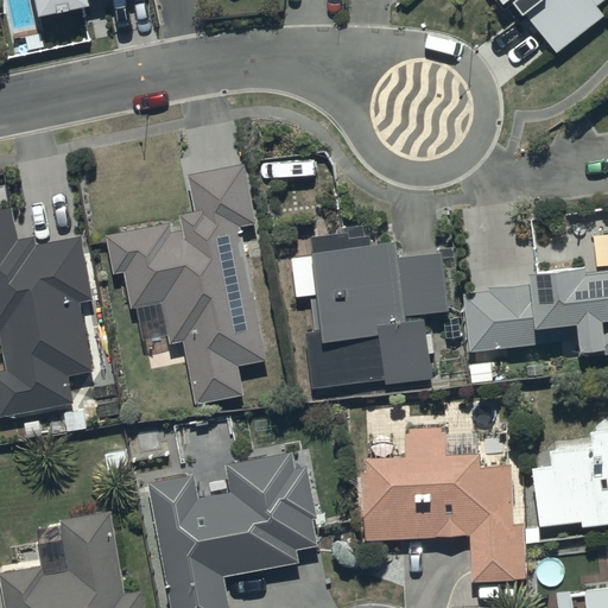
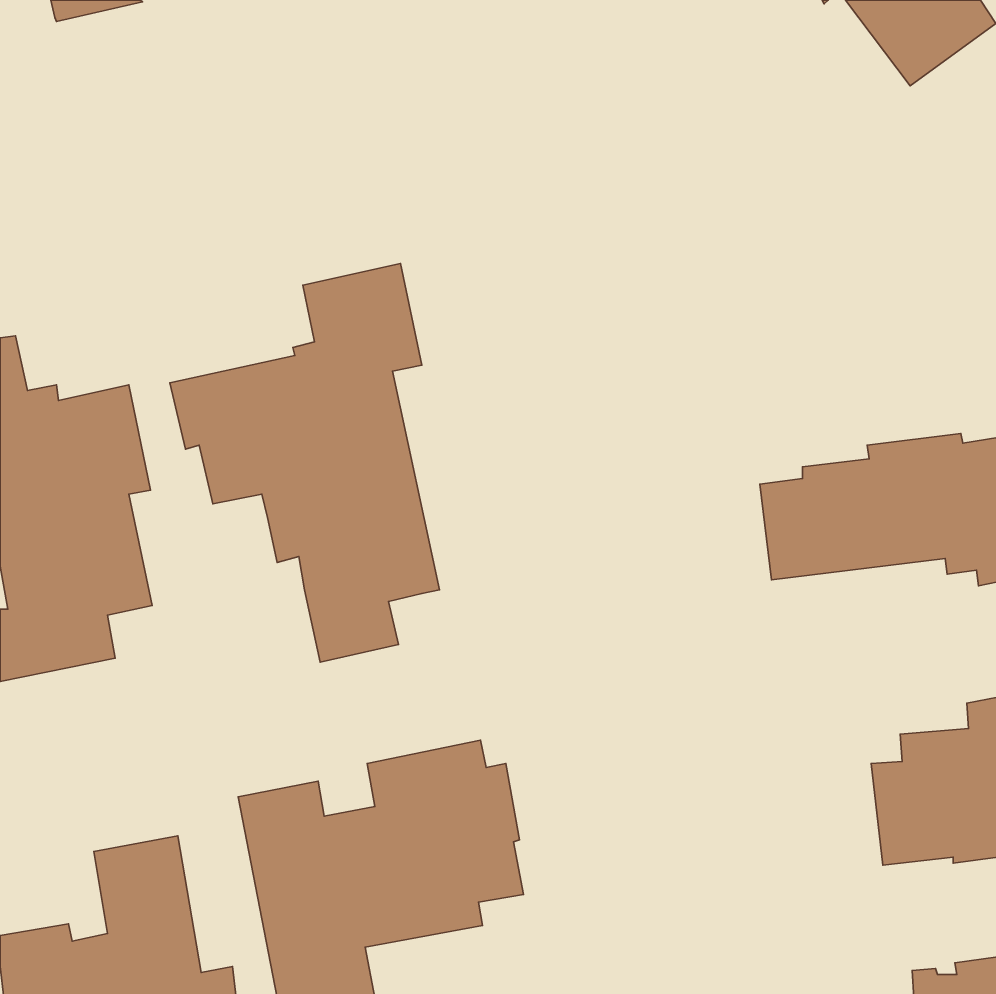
building: [290,228,449,388] -> none
building: [360,431,524,581] -> none

